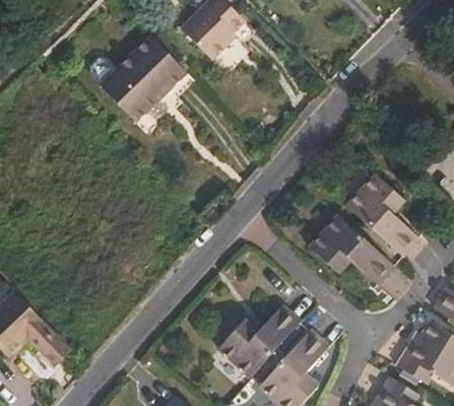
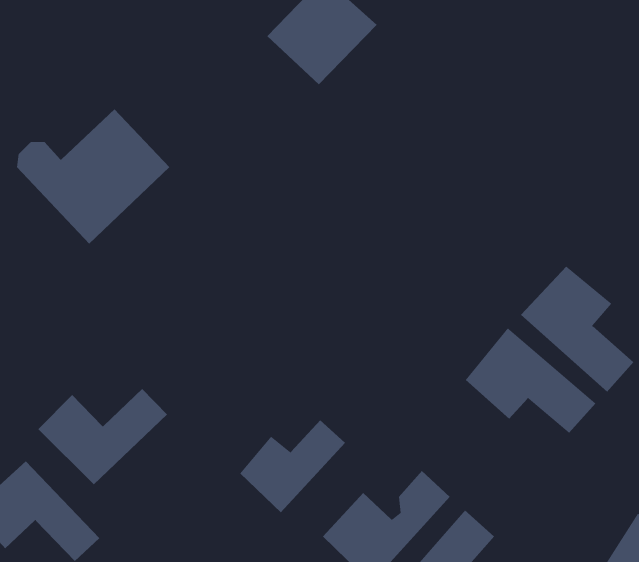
building: [93,33,192,121] -> [16,108,170,245]
building: none -> [38,388,168,485]
building: none -> [240,420,346,513]

